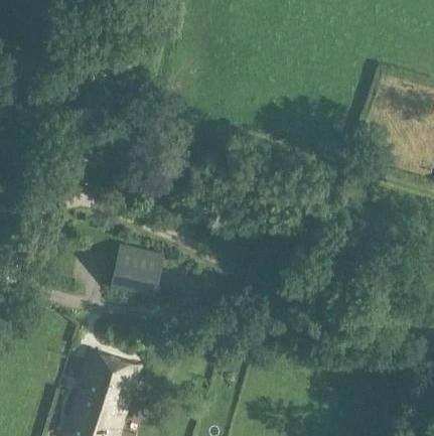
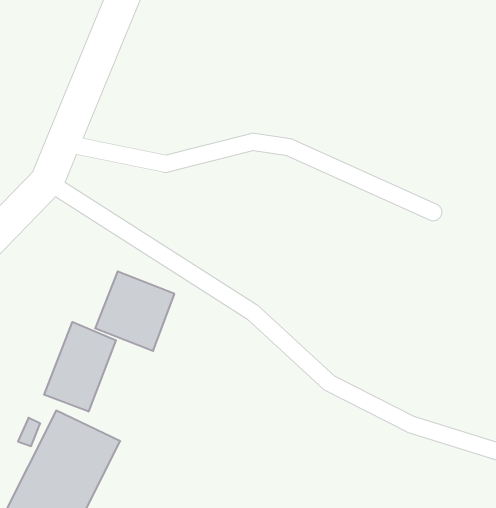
building: none -> [44,322,116,412]

